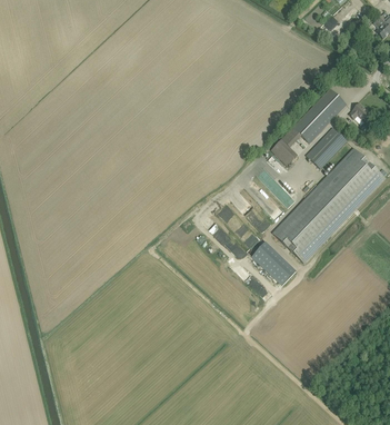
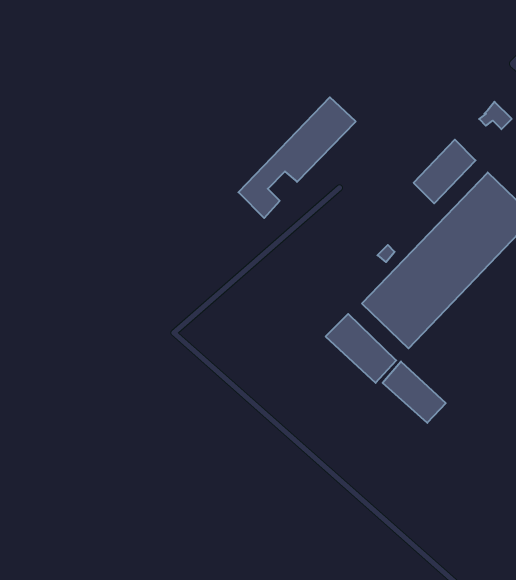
building: [270,88,346,166] -> [238,97,356,218]
building: none -> [383,361,446,423]

